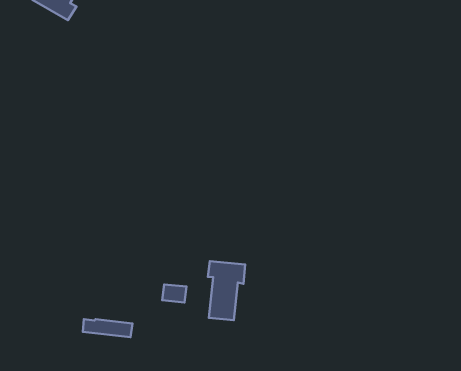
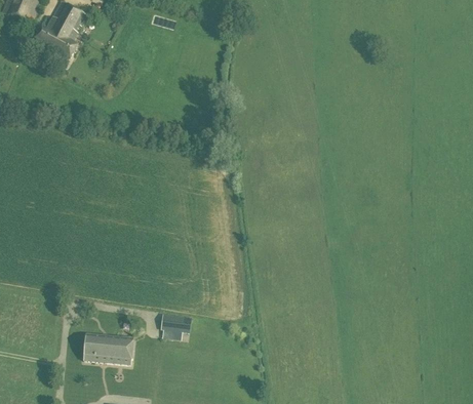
building: [208,261,245,320] -> none
building: none -> [84,333,132,352]

